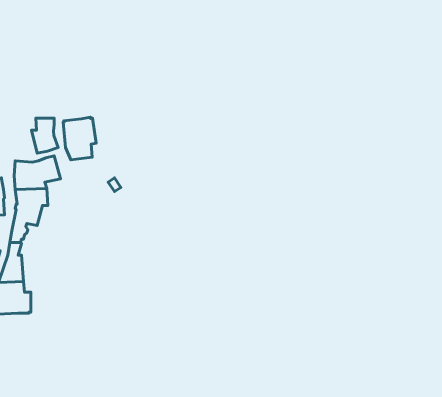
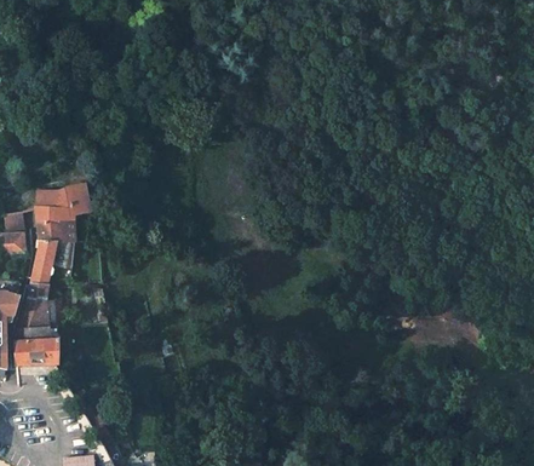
building: [63,117,96,160] -> none
building: [31,118,58,153] -> none

